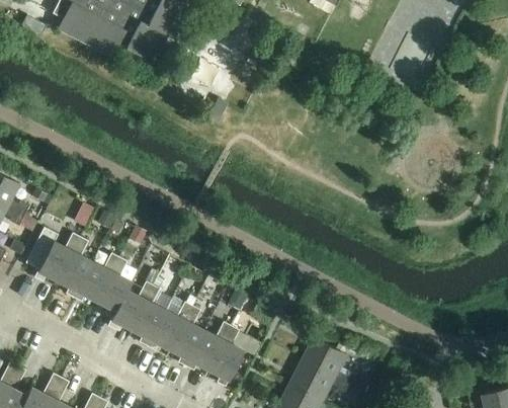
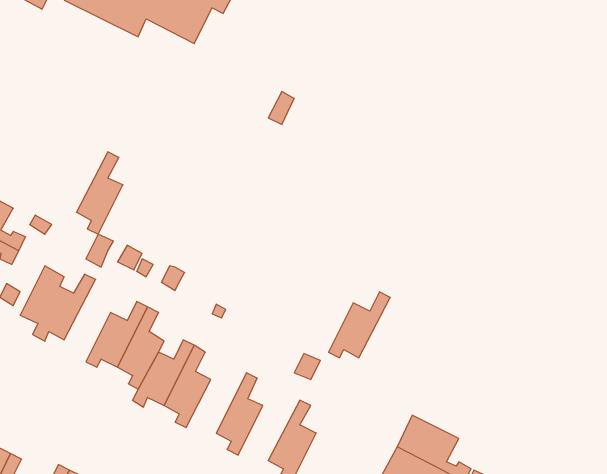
building: [57,236,91,297] -> [76,152,123,234]
building: [147,301,191,349] -> none
building: [185,321,231,370] -> [329,292,390,358]

